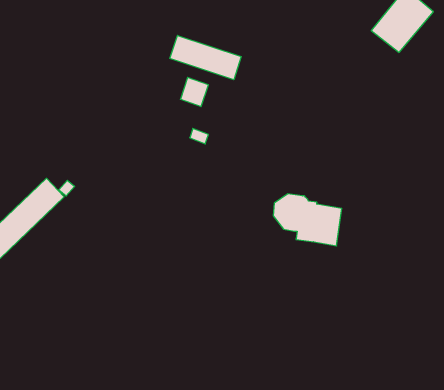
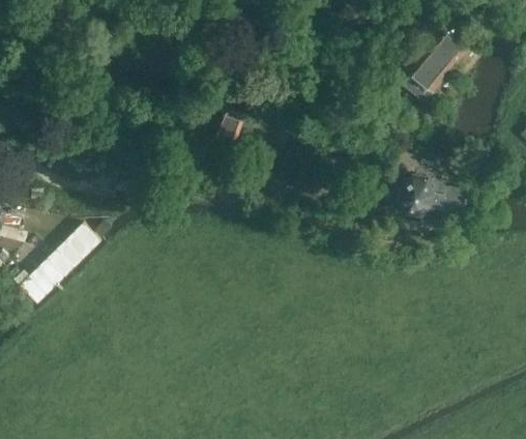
building: [170,35,241,80] -> none
building: [273,194,342,246] -> [401,178,469,230]

